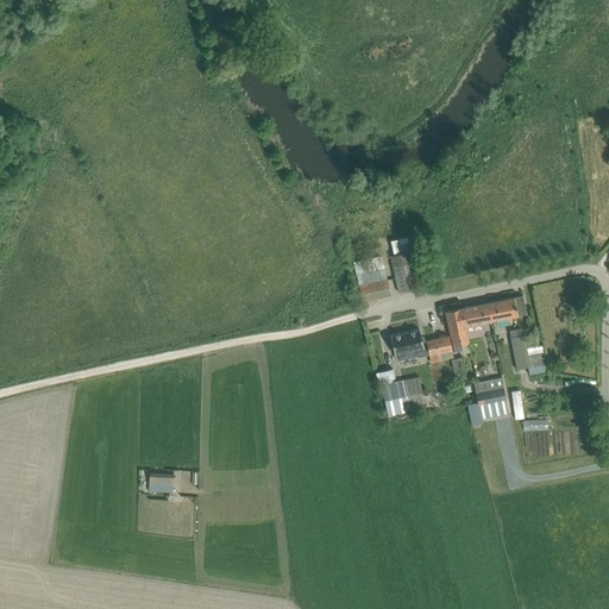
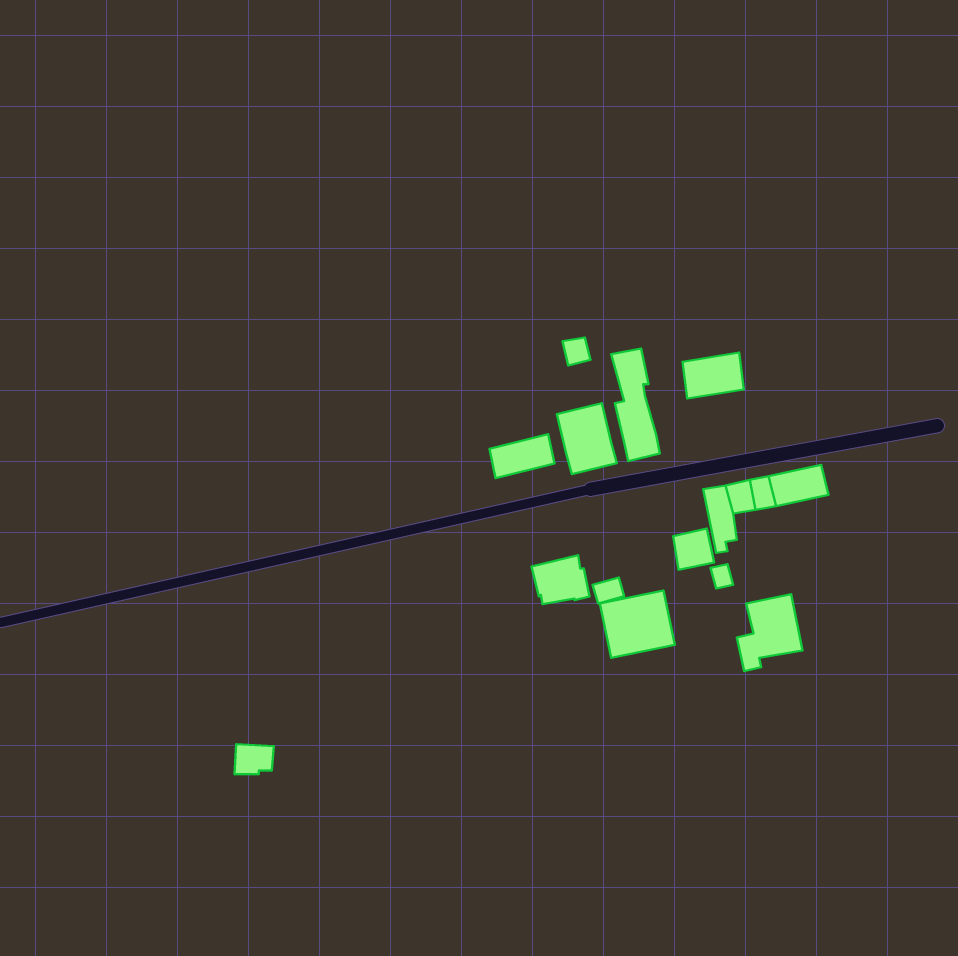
building: none -> [682,353,744,399]
building: none -> [490,434,554,478]
building: [390,329,427,360] -> [531,555,589,604]
building: [509,329,546,376] -> none

